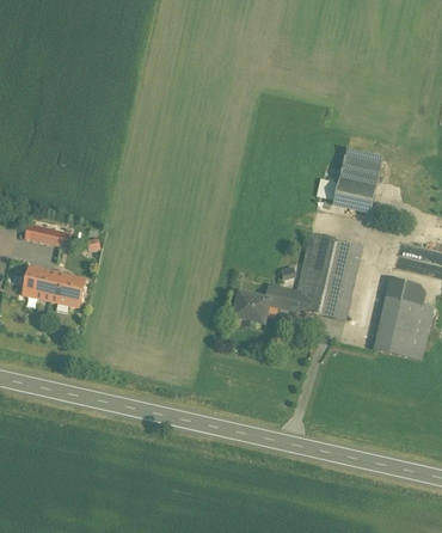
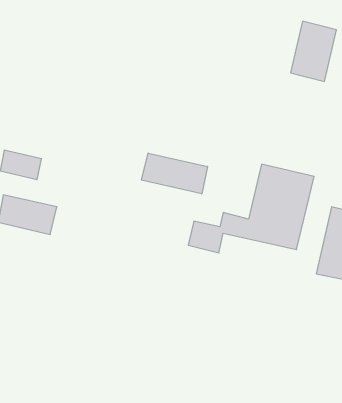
building: [332,147,382,213] -> [291,21,336,81]
building: none -> [141,153,208,194]

